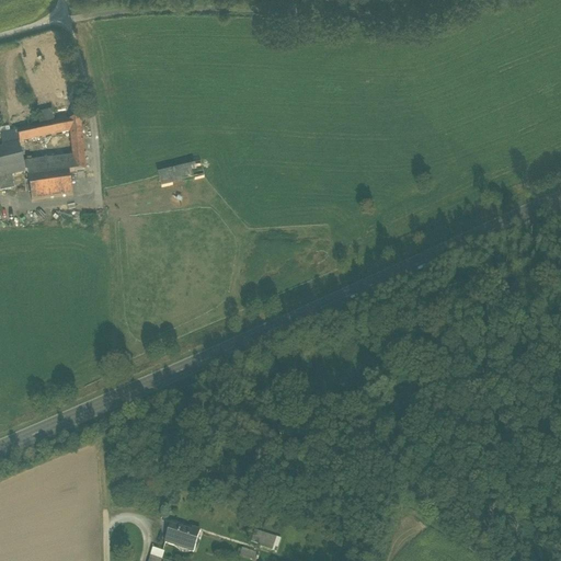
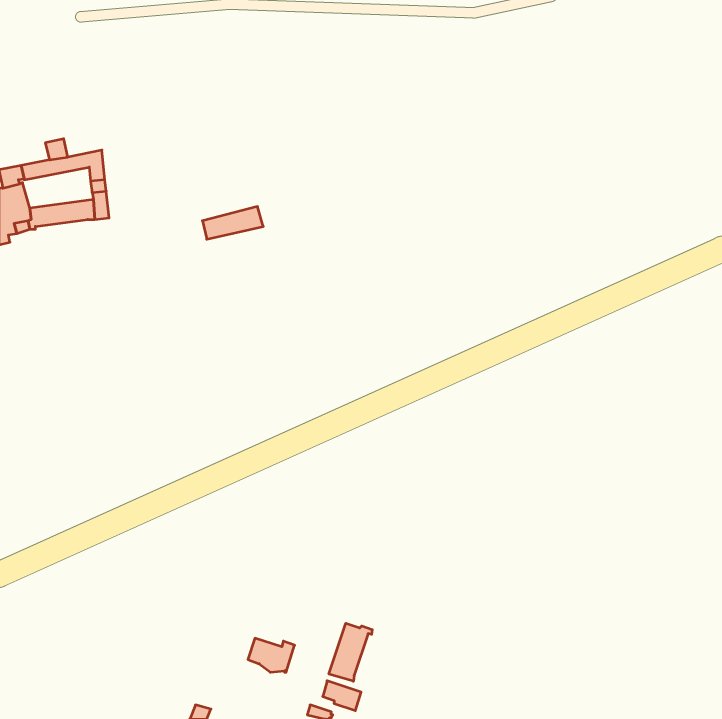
building: [27,170,71,198] -> none
building: none -> [329,623,372,681]
building: [163,523,199,549] -> [248,638,295,672]

